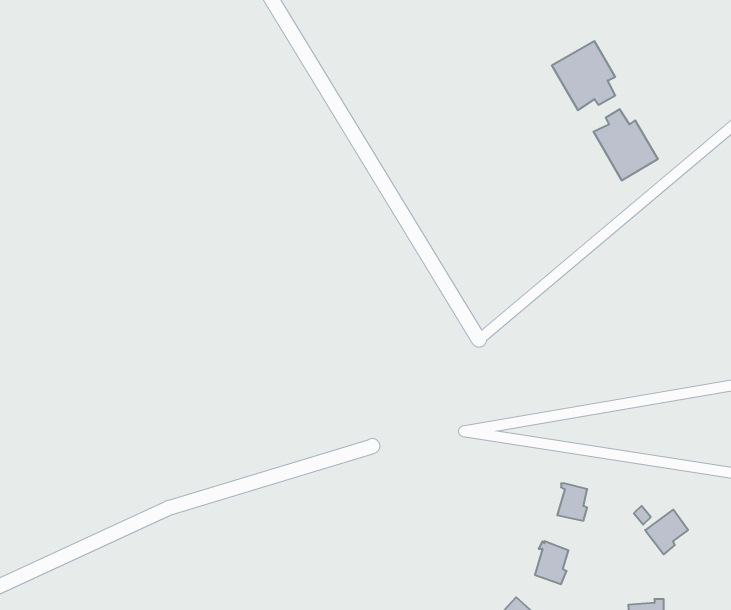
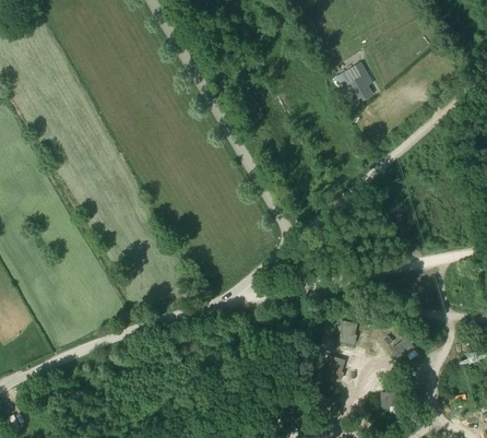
building: [594,109,658,181] -> none

